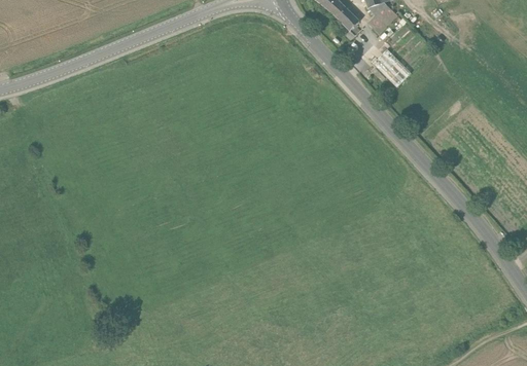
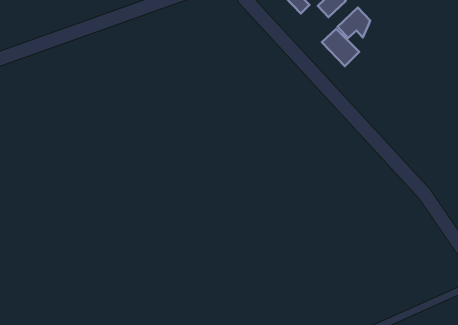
building: none -> [337,8,370,38]

